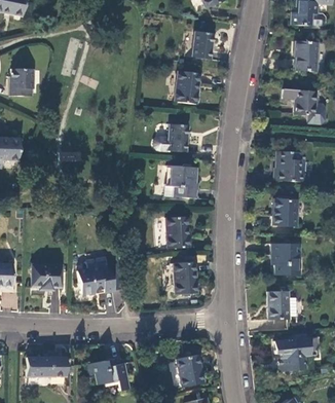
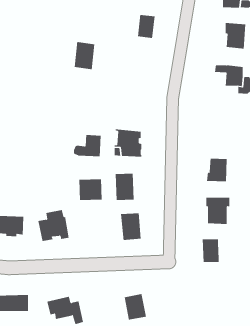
building: [175,70,199,103] -> [74,41,95,70]
building: [154,123,187,149] -> [73,135,102,157]
building: [273,149,304,179] -> none
building: none -> [79,178,102,201]
building: [273,336,315,370] -> none

